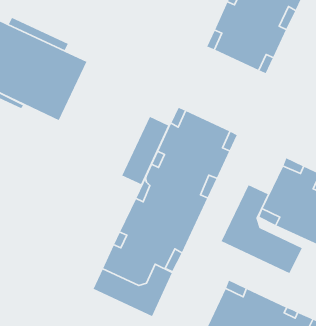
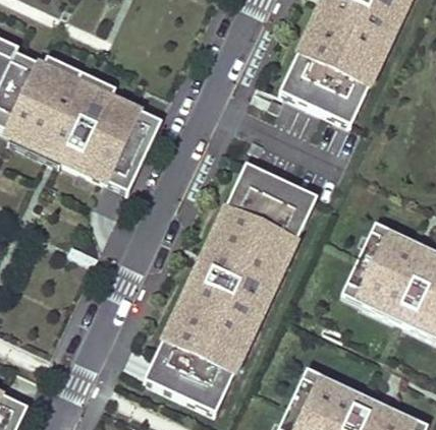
building: [121,116,169,185] -> [104,109,161,191]
building: [221,184,303,274] -> none

